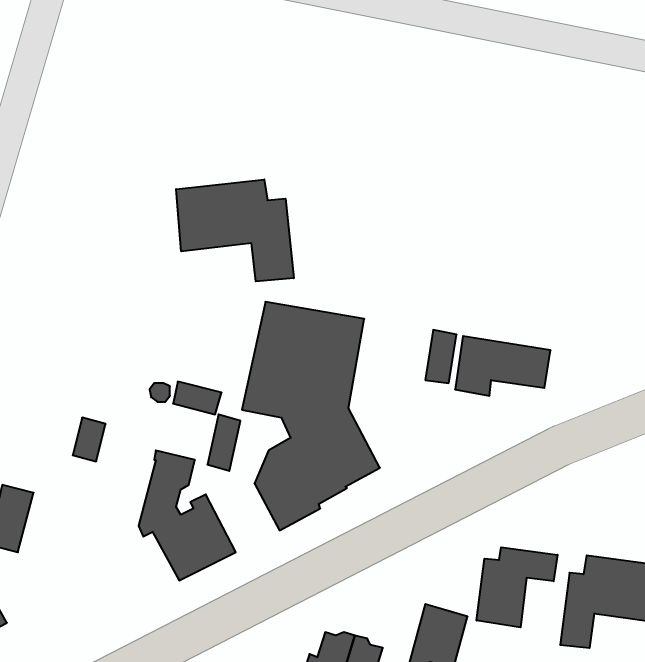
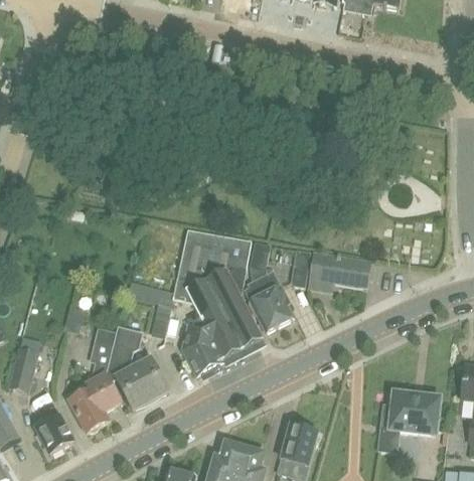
building: [176,179,294,281] -> none
building: none -> [244,243,293,331]
building: none -> [67,326,120,432]
building: [477,547,558,627] -> none
building: none -> [35,402,72,452]

